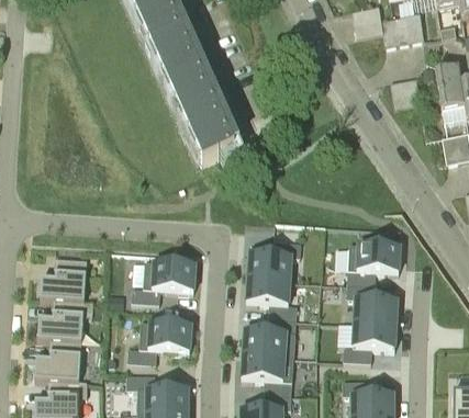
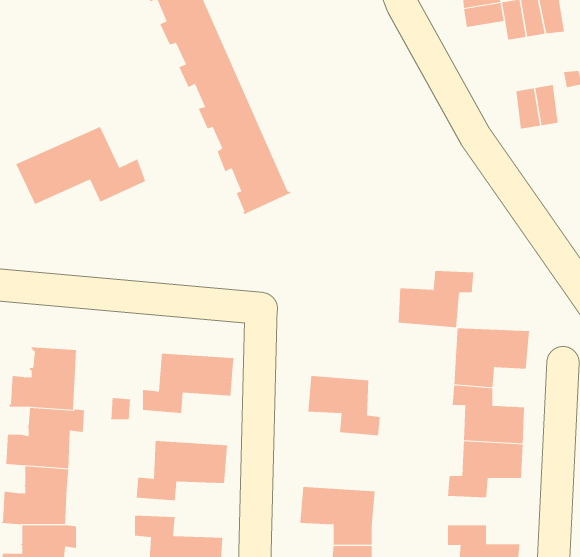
building: none -> [16,126,146,205]
building: [249,240,302,280] -> [398,271,474,328]
building: [244,316,297,357] -> none

